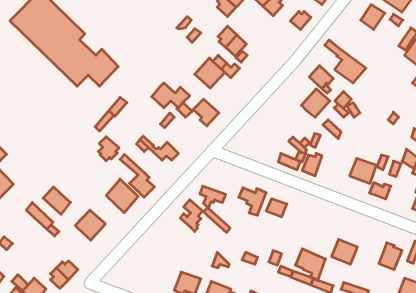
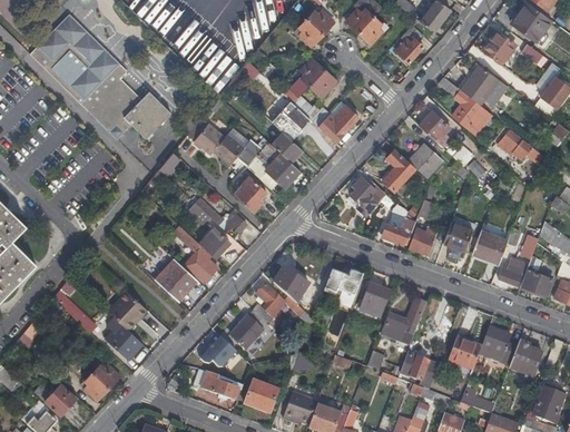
building: none -> [458,65,507,105]
building: none -> [324,107,356,143]
building: none -> [187,117,225,155]
building: none -> [499,130,530,160]
building: none -> [268,131,299,161]
building: none -> [380,149,414,193]
building: none -> [235,177,265,212]
building: none -> [348,178,384,216]
building: [98,137,119,161] -> [203,227,229,258]
building: none -> [441,222,470,252]
building: none -> [519,264,551,295]
building: [43,187,71,214] -> [105,322,140,357]
building: none -> [380,300,426,346]
building: none -> [229,310,264,347]
building: none -> [479,326,515,362]
building: none -> [198,335,237,367]
building: none -> [199,371,236,399]

